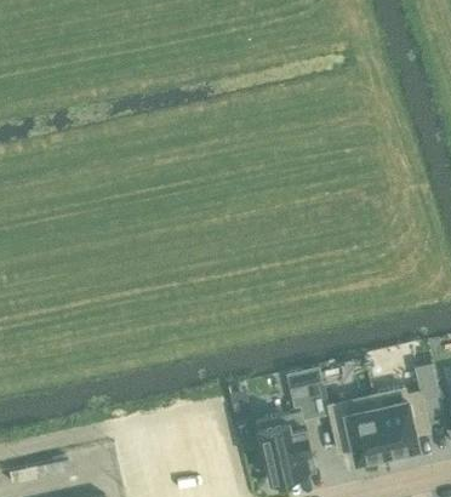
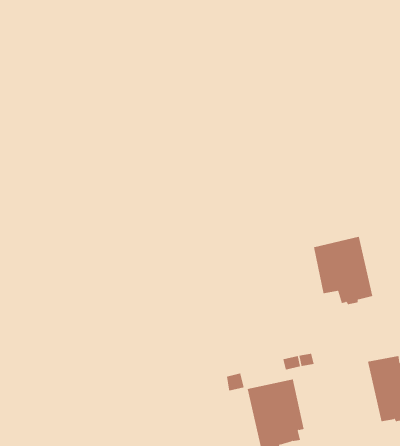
building: [327,396,387,464] -> [313,236,373,305]

